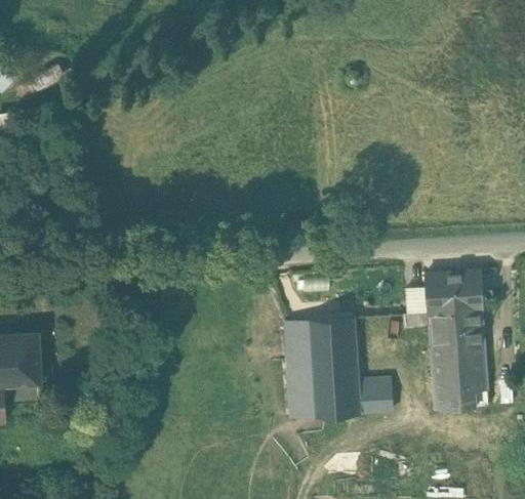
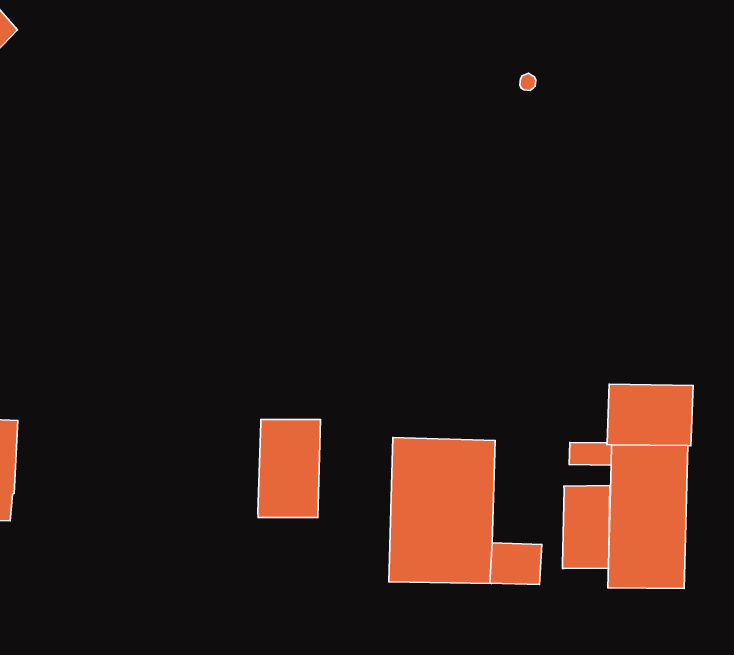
building: none -> [258,419,320,517]
building: none -> [562,485,610,569]

